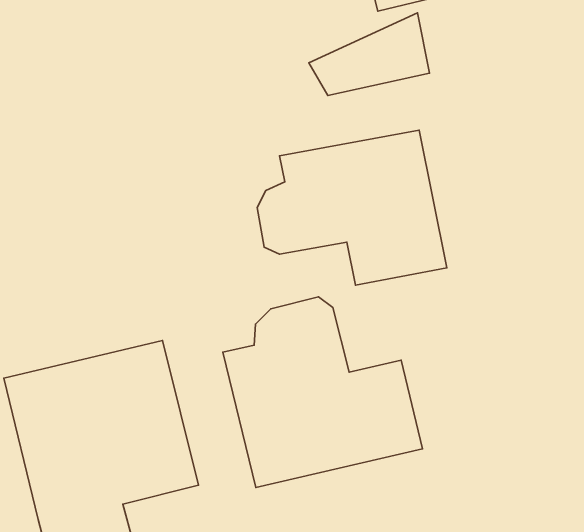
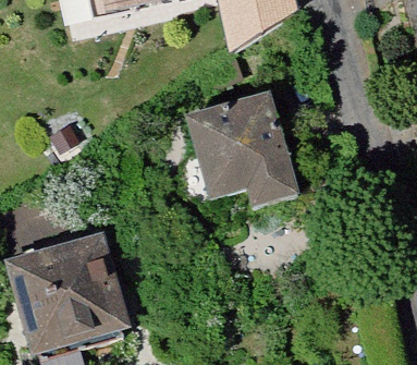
building: [223,297,423,487] -> none

